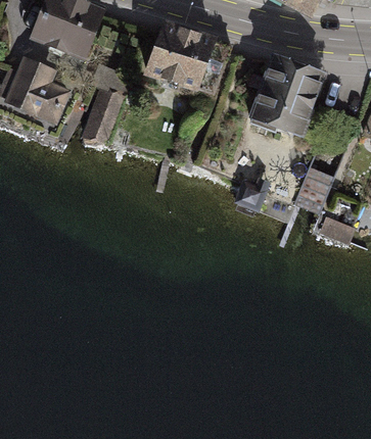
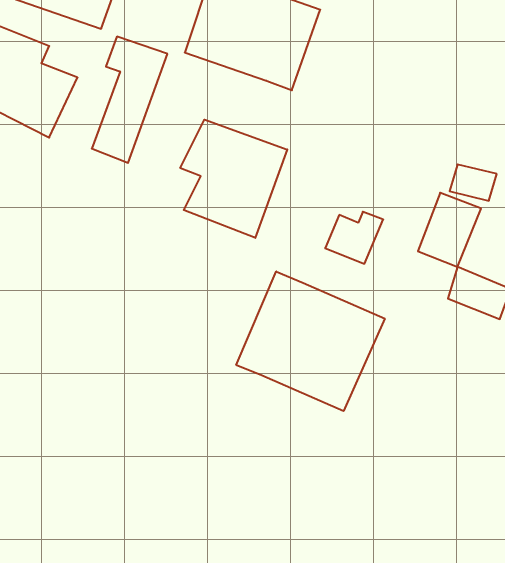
building: [246,53,328,140] -> none
building: none -> [180,120,287,238]
building: none -> [236,271,385,411]

